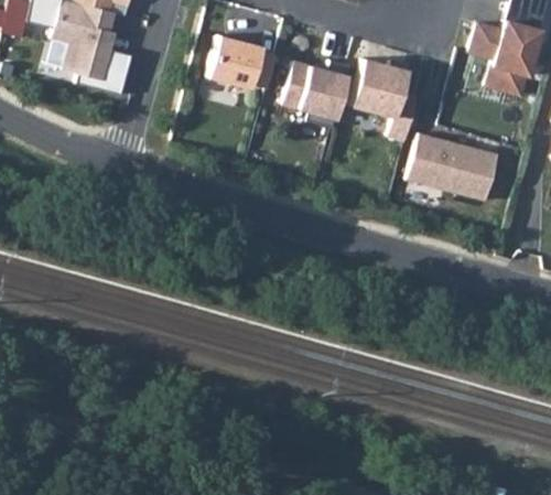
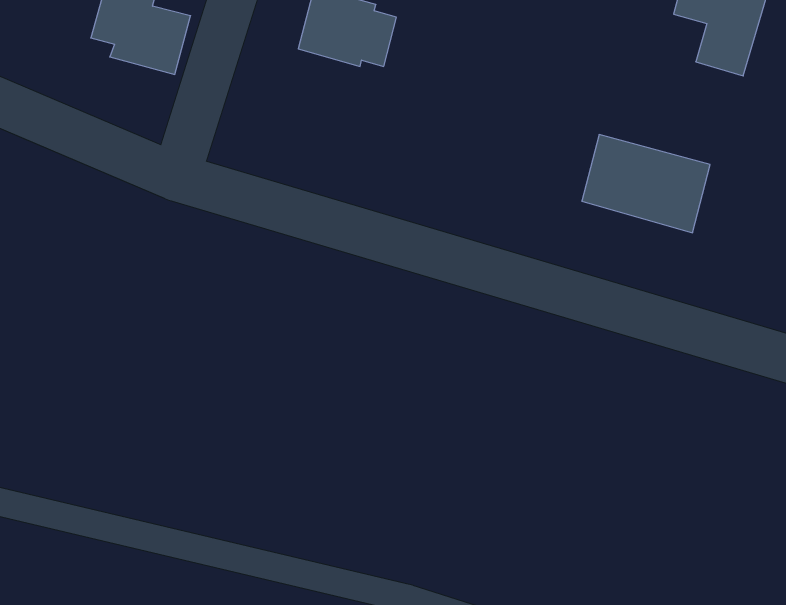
building: [352,58,418,141] -> none
building: [284,60,350,128] -> none

